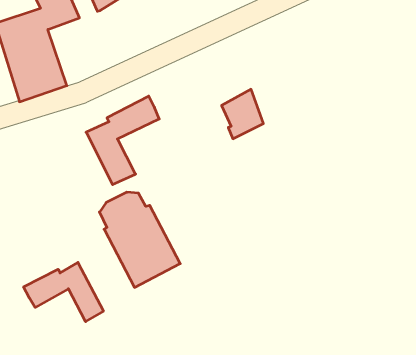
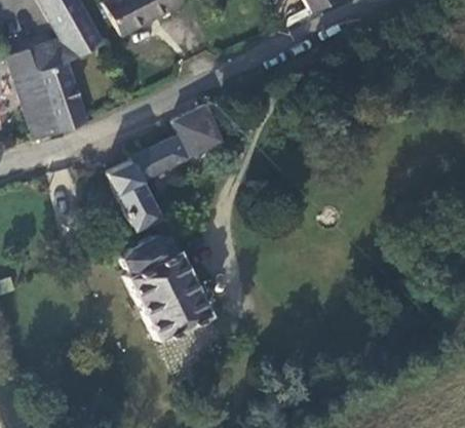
building: [222,89,263,139] -> [175,104,220,157]
building: [24,262,103,322] -> none

